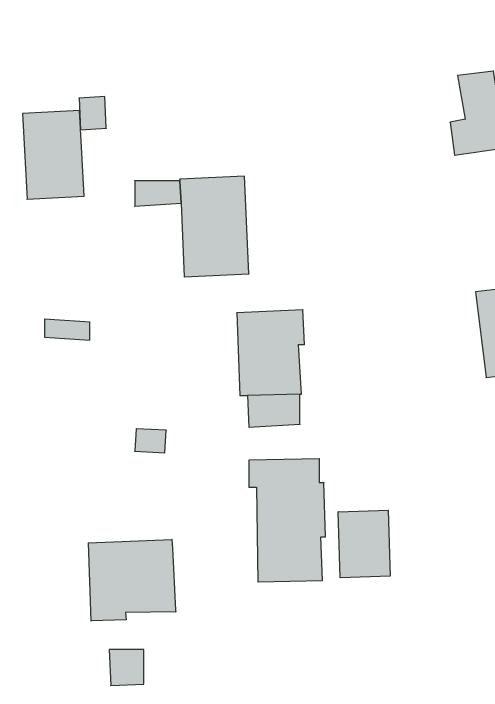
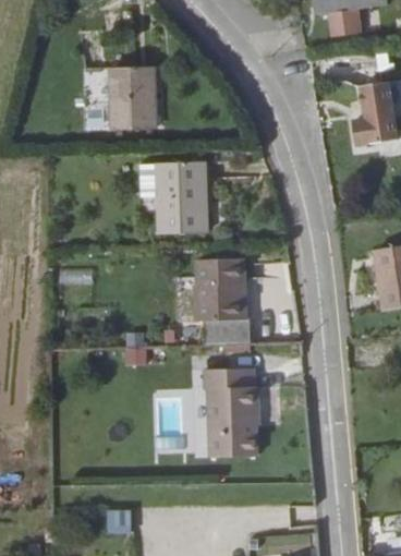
building: [23,111,84,199] -> [108,67,153,131]
building: [338,510,390,578] -> none
building: [88,539,176,621] -> none

